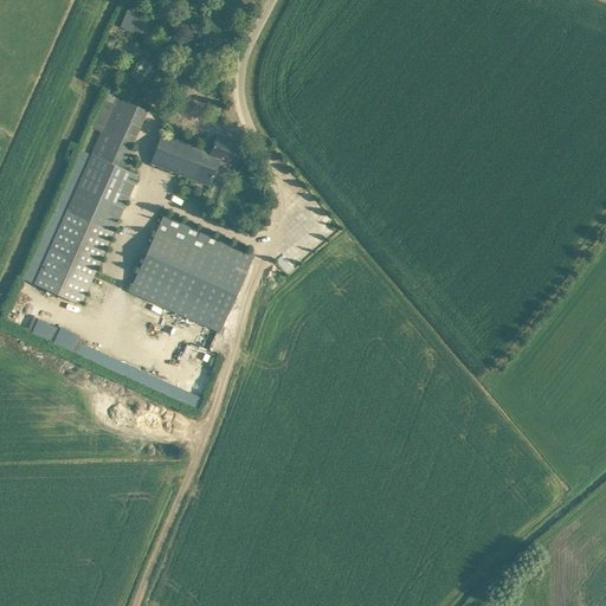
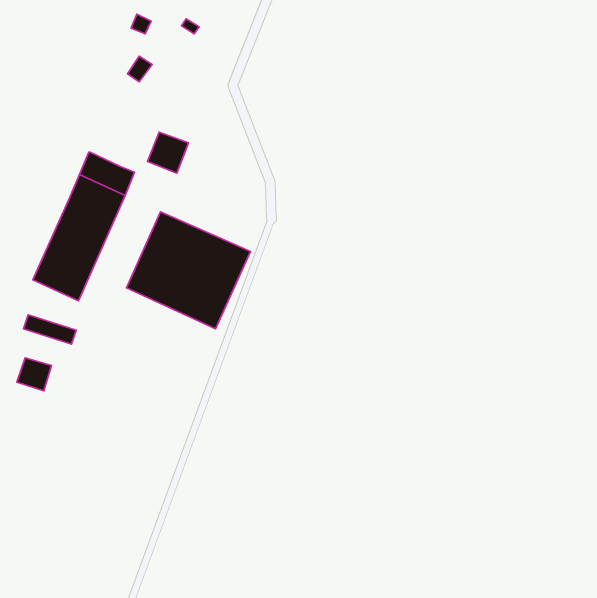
building: [90,97,146,168] -> none
building: [179,135,238,186] -> none
building: none -> [17,358,51,391]

